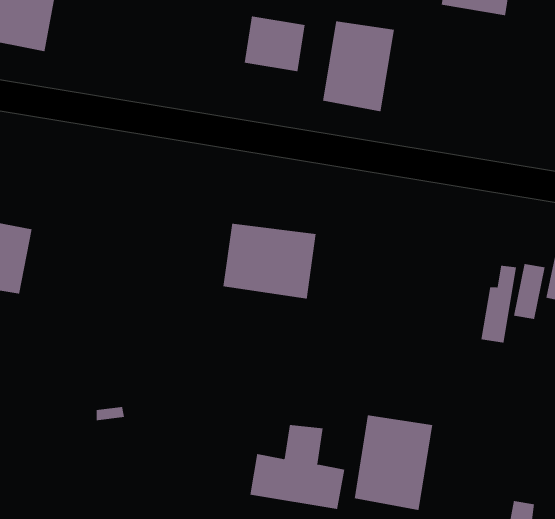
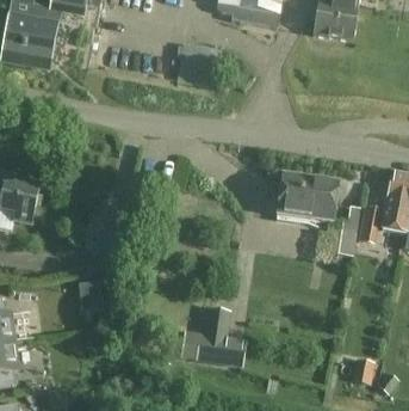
building: [323,20,394,112] -> none
building: [222,223,316,299] -> [277,172,339,222]
building: [354,415,433,511] -> none

